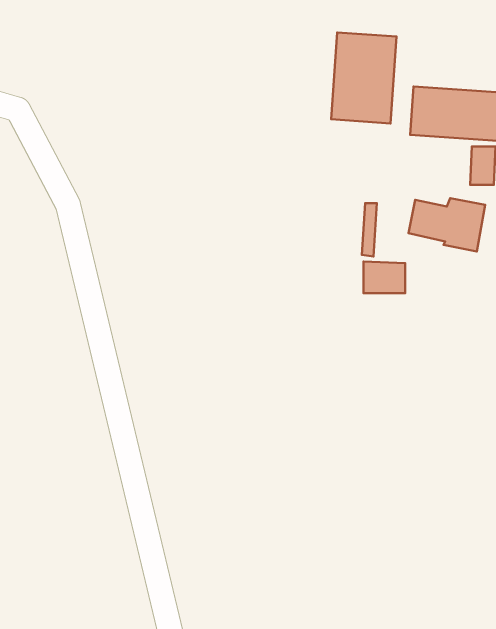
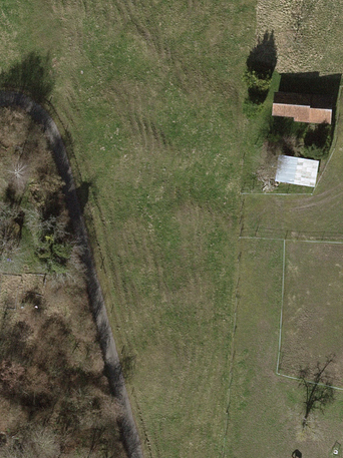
building: [331,32,396,123] -> none

